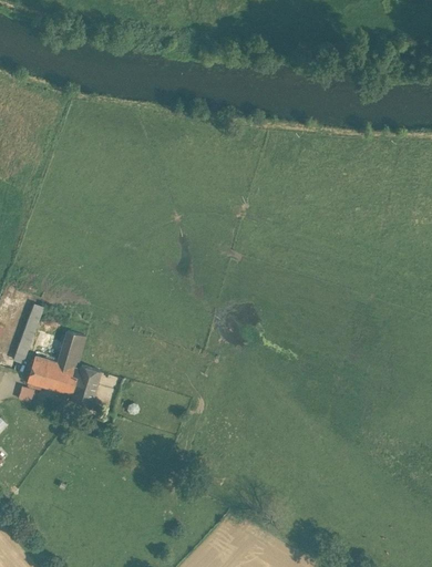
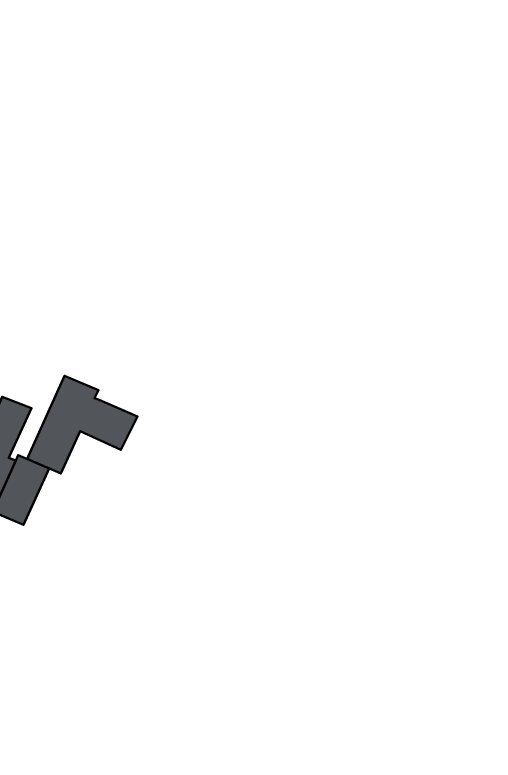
building: none -> [27,376,138,473]

